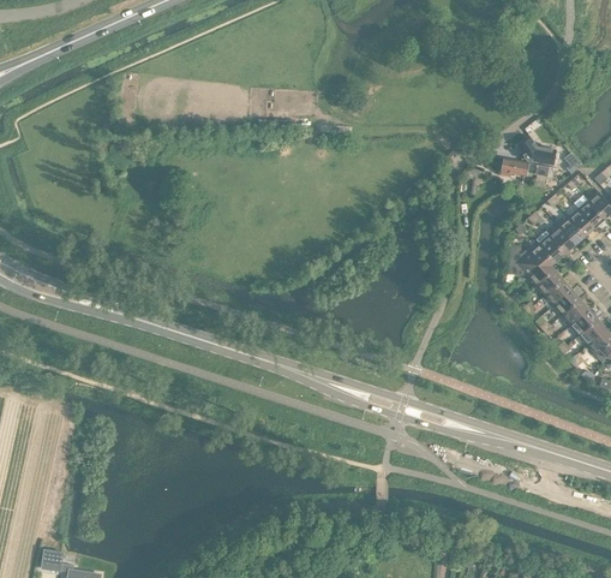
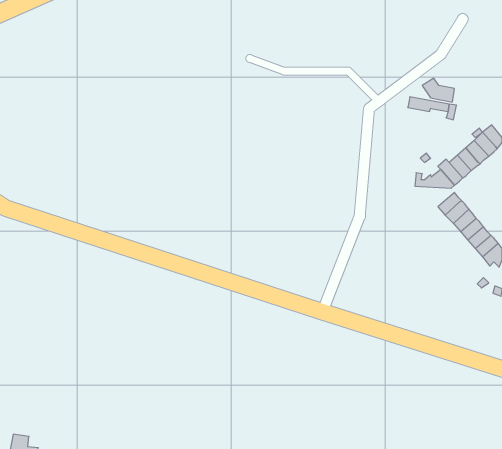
building: [509,262,555,286] -> none

